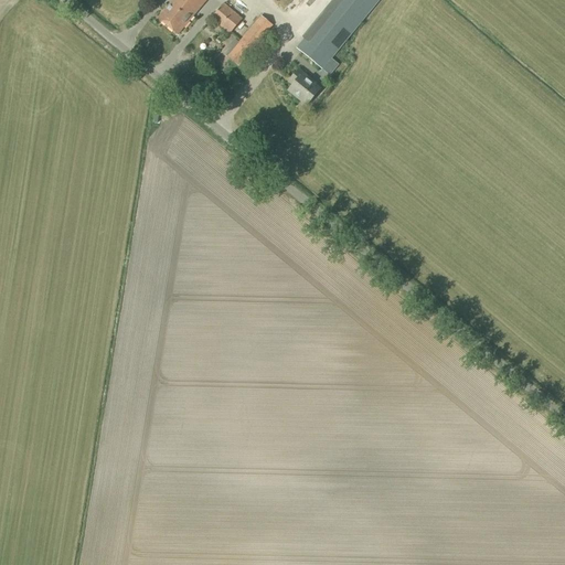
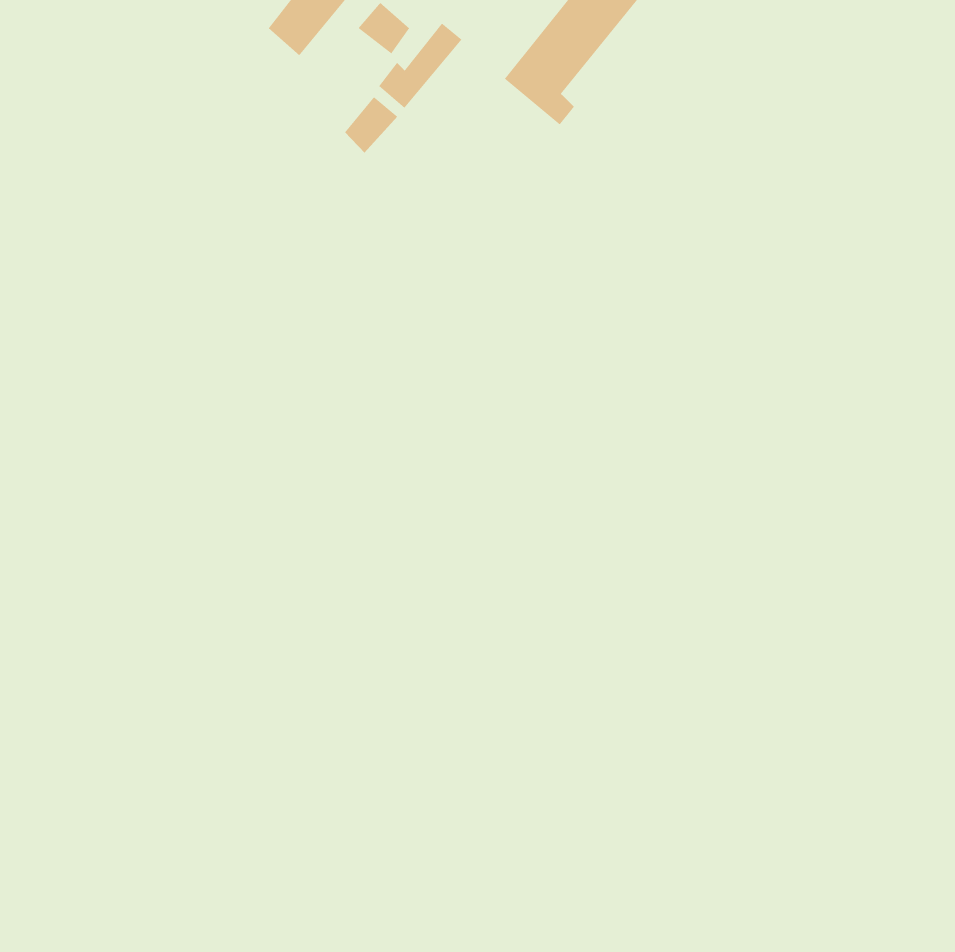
building: none -> [344,96,398,153]
building: [289,66,321,104] -> none

